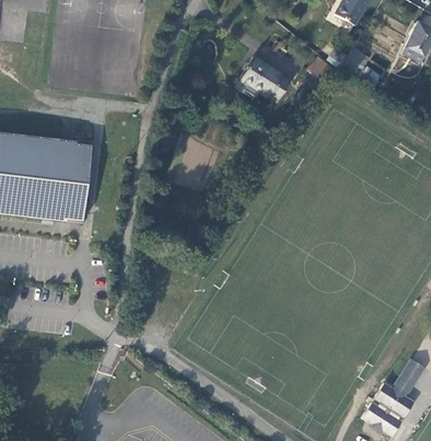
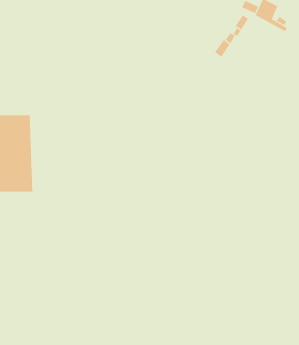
building: [240,56,291,101] -> none

